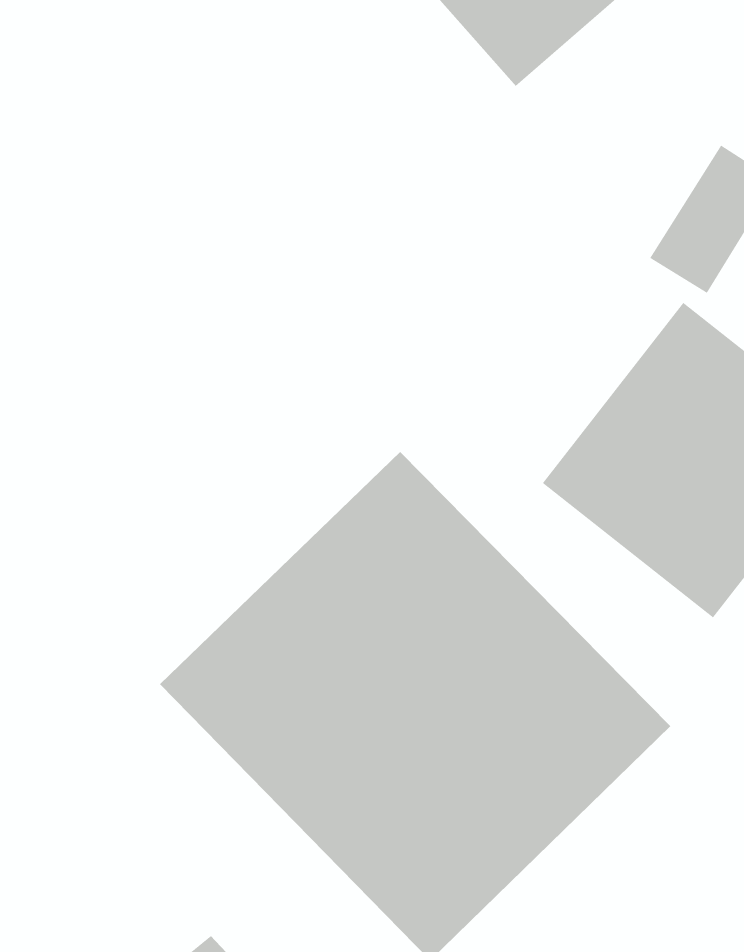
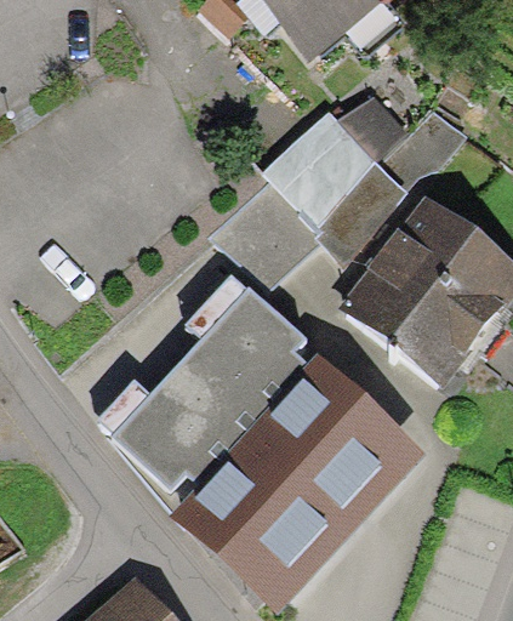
building: none -> [211,89,411,289]

